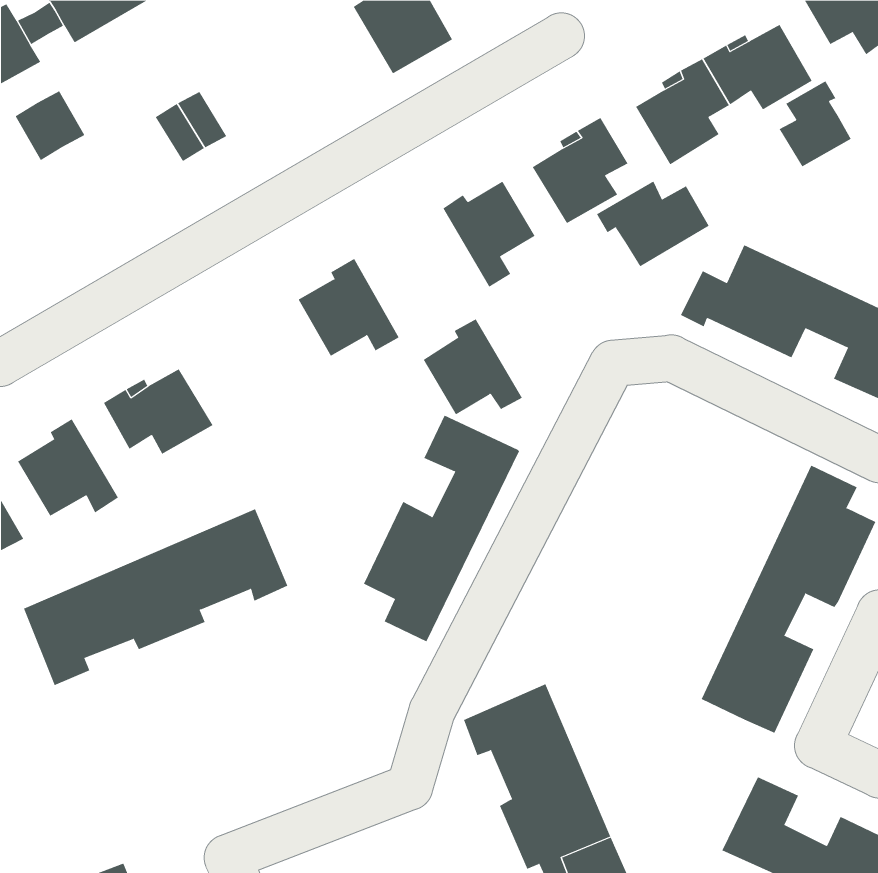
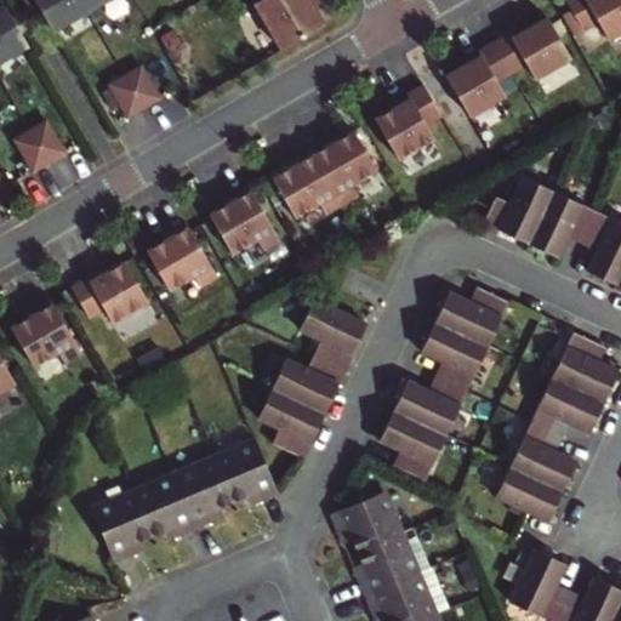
building: [779,81,851,167] -> none
building: [15,90,85,161] -> [17,125,67,175]
building: [596,180,710,267] -> none
building: none -> [149,223,220,291]
building: [423,319,523,415] -> [275,152,346,220]
building: none -> [380,286,509,480]
building: [23,508,288,686] -> [89,435,275,560]

